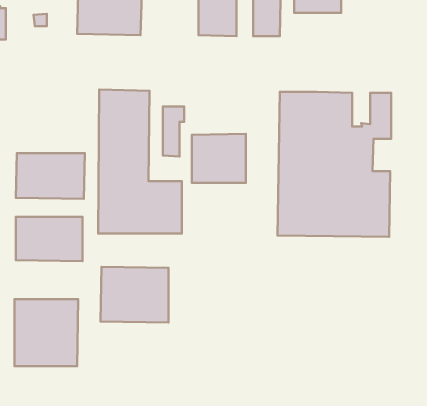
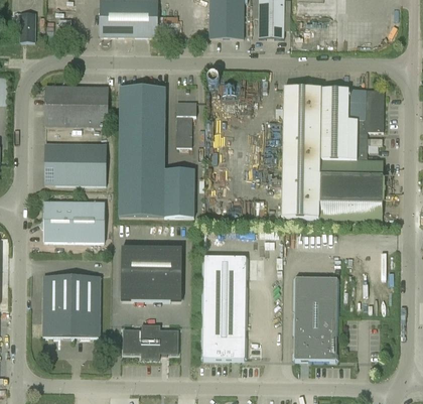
building: none -> [45,86,108,127]
building: [192,134,246,183] -> none
building: none -> [203,257,246,358]
building: none -> [295,278,336,360]
building: none -> [123,324,178,358]

